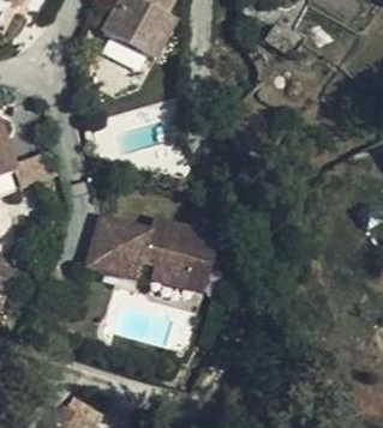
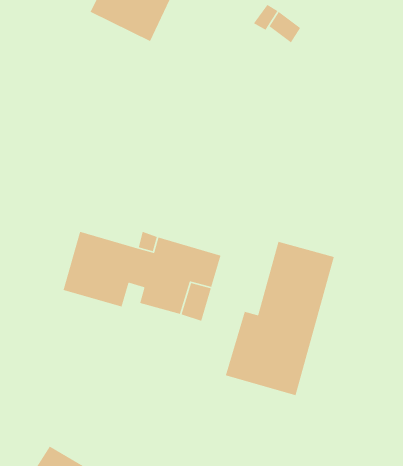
building: none -> [225,241,335,396]

